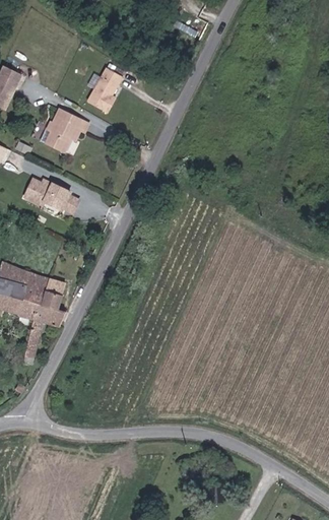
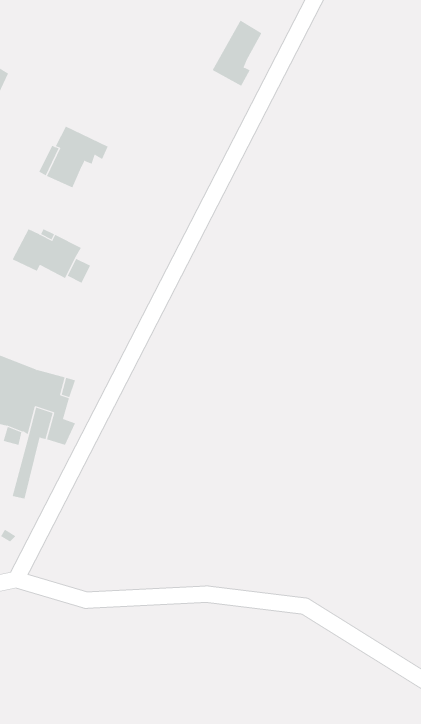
building: [86,67,121,113] -> [212,20,262,87]

